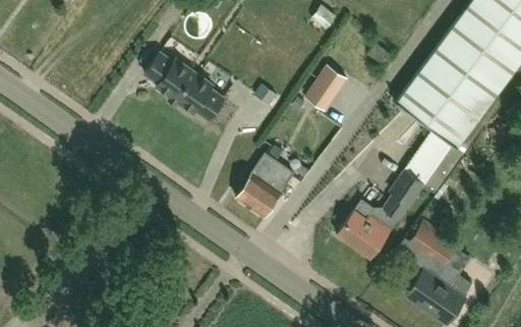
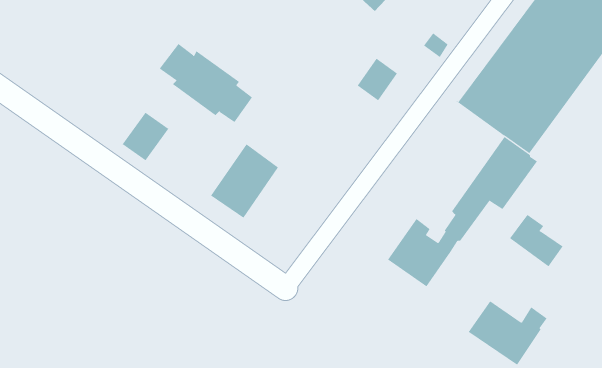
building: none -> [122,112,169,161]
building: [235,153,293,216] -> [210,143,279,218]
building: [409,221,455,266] -> [509,214,563,267]

